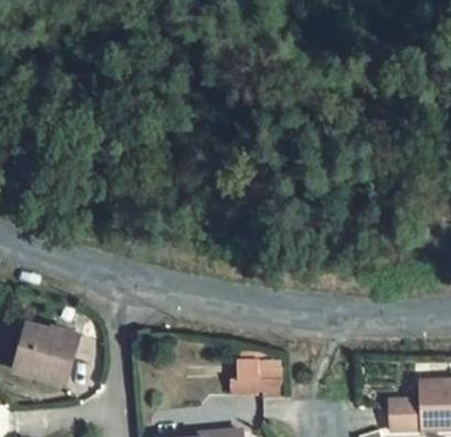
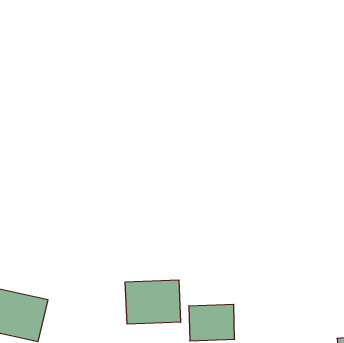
building: none -> [125,280,181,324]

